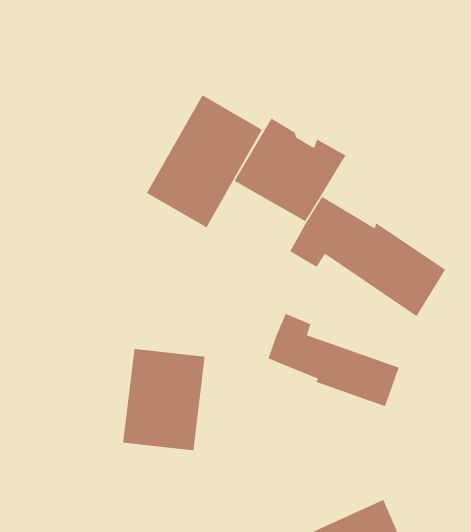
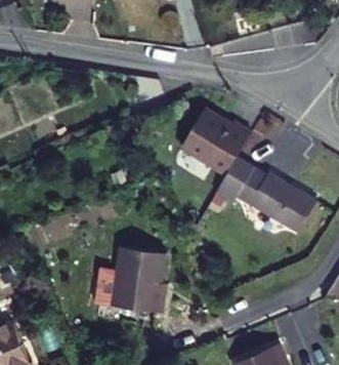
building: [146,94,263,228] -> none
building: [267,313,400,407] -> none

